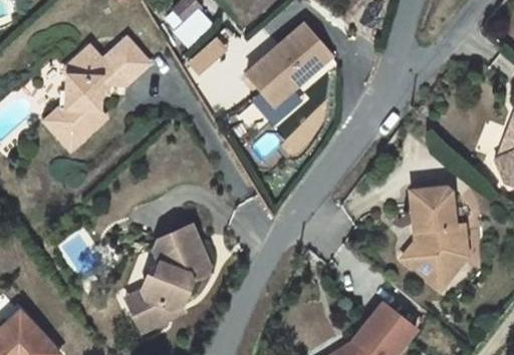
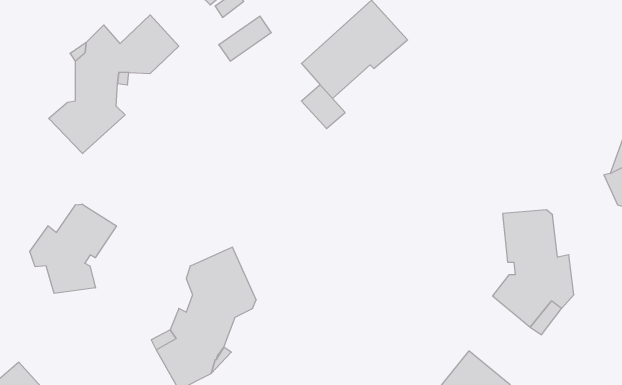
building: none -> [30,204,116,293]

